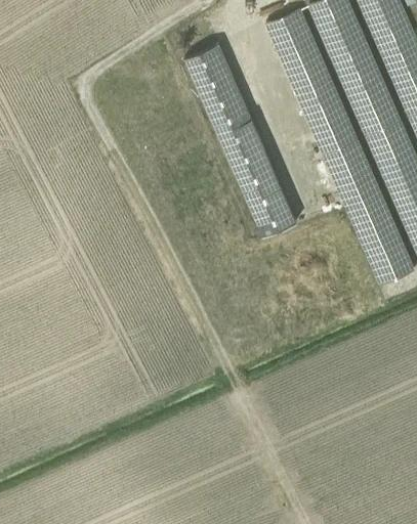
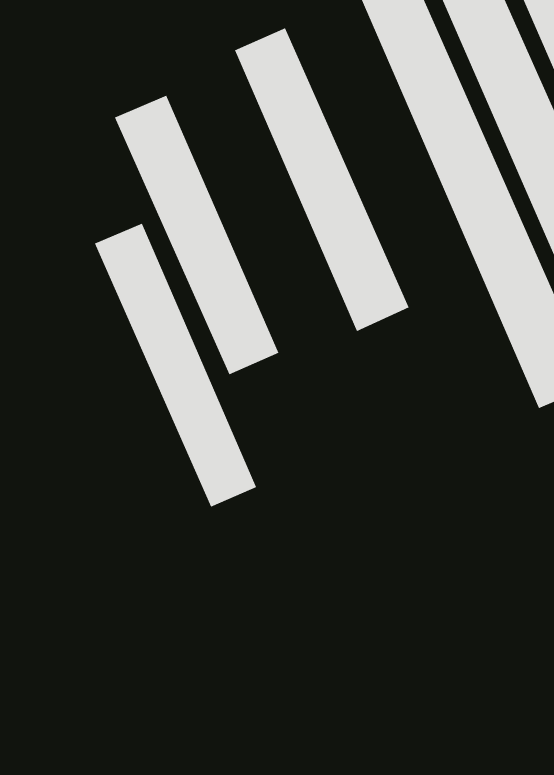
building: none -> [114,95,279,375]
building: none -> [94,223,257,508]

